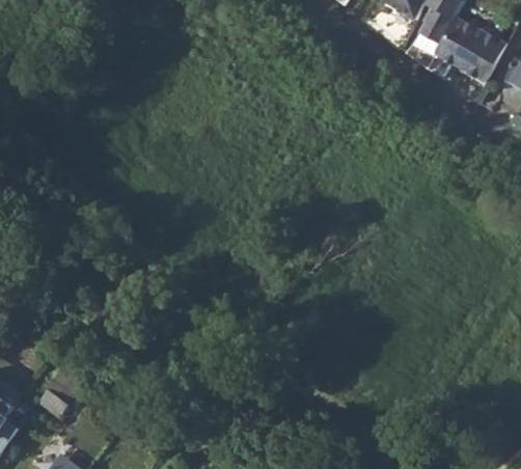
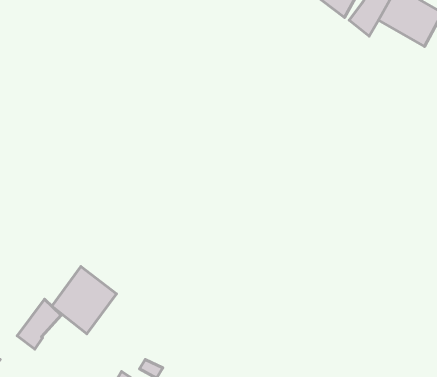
building: none -> [52,267,117,334]

